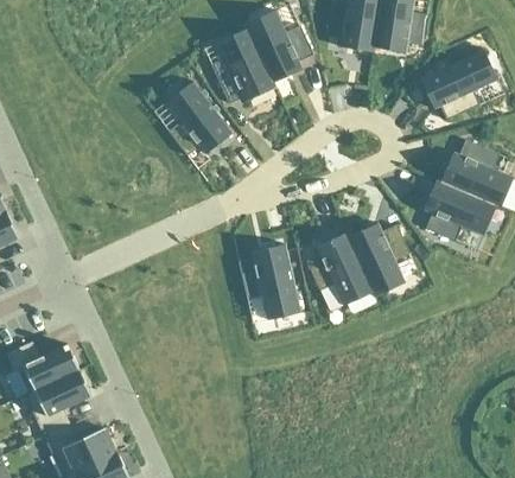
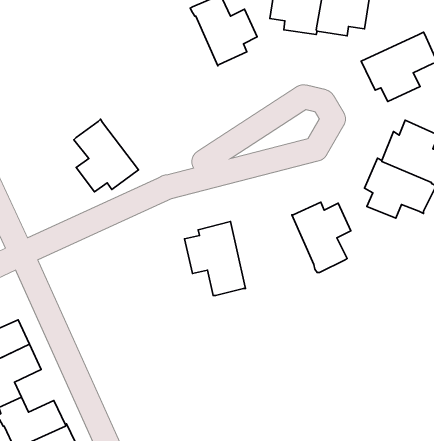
building: [210,28,275,103] -> none
building: [165,81,231,155] -> [74,119,138,192]
building: [305,231,371,305] -> none

